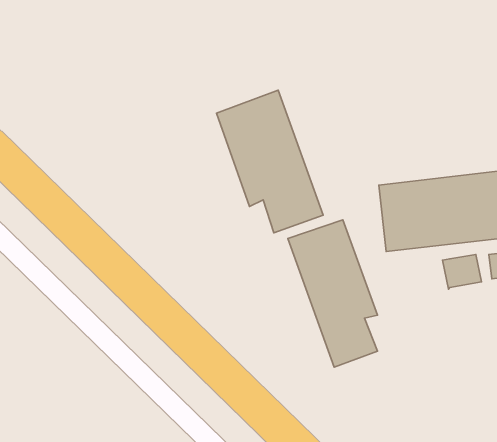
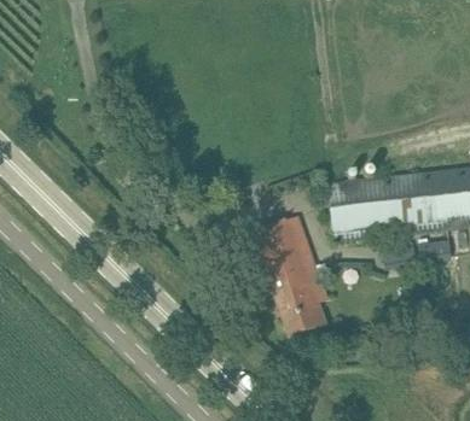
building: [216,90,323,233] -> none

